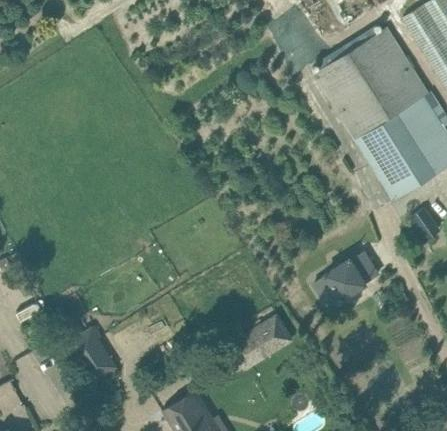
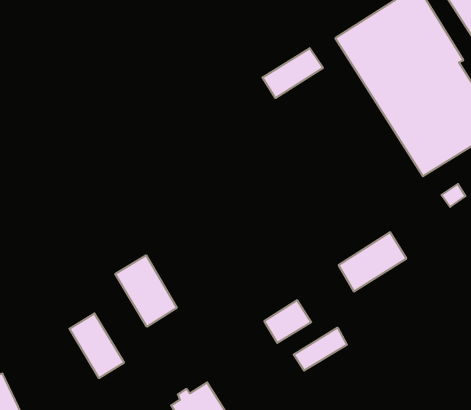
building: none -> [262,48,323,98]
building: none -> [115,255,177,327]
building: none -> [294,328,347,371]

